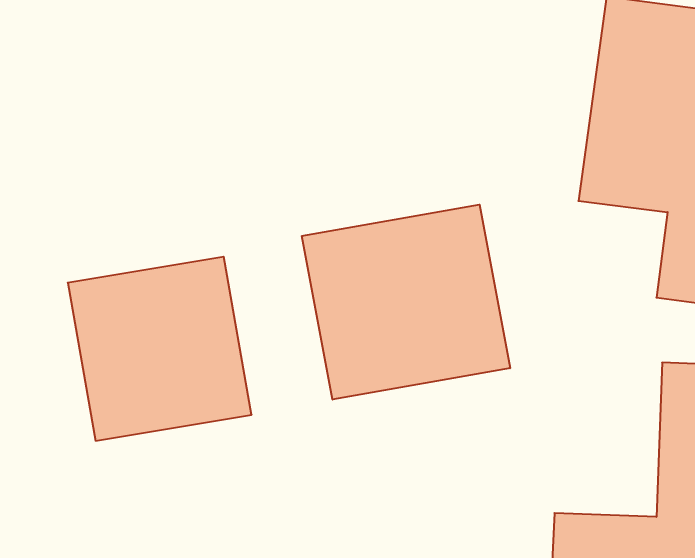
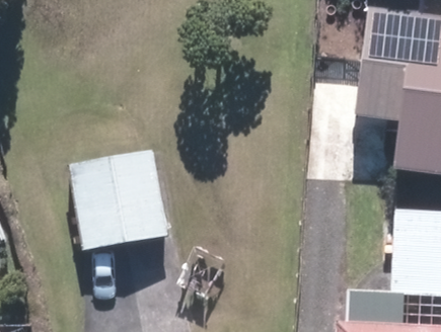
building: [302,205,510,400] -> none

